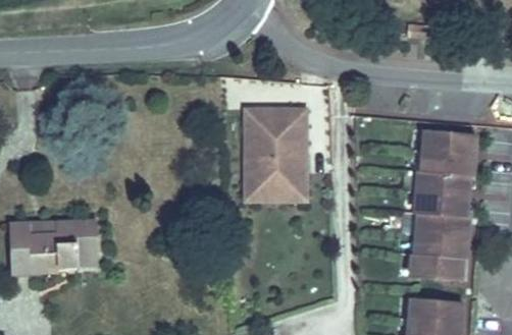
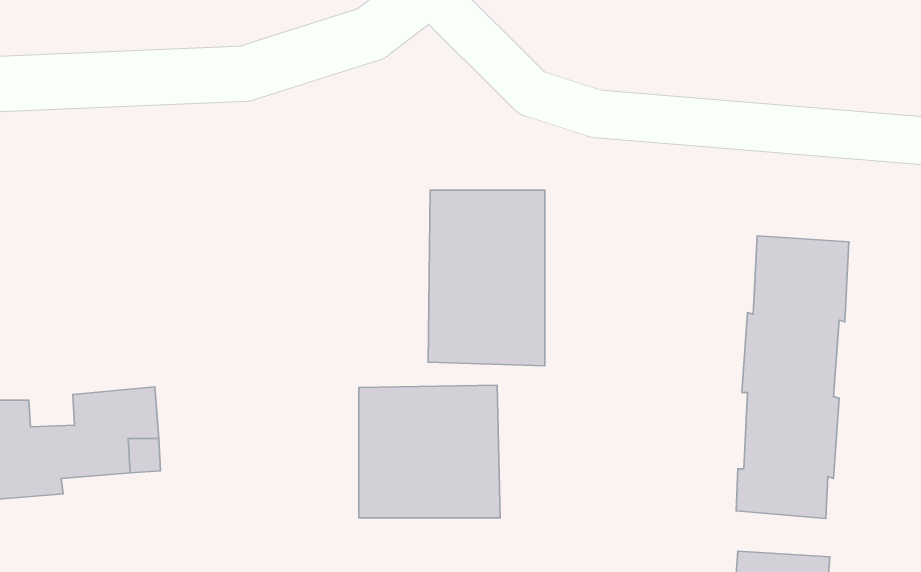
building: none -> [359,385,500,518]

